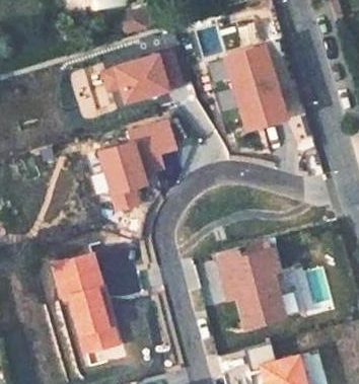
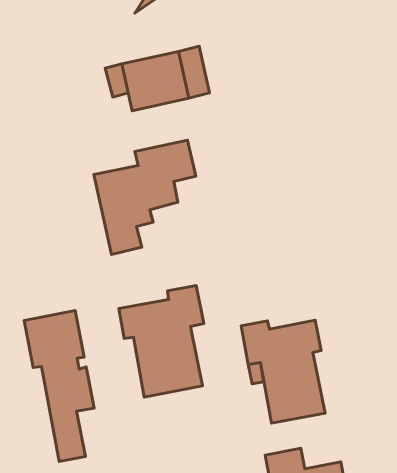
building: [225,45,286,129] -> none
building: none -> [119,286,204,397]

